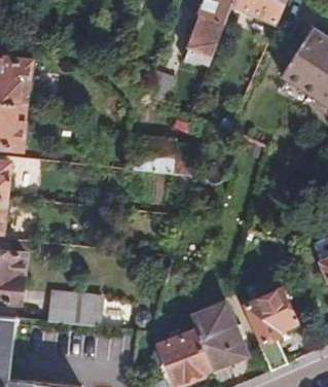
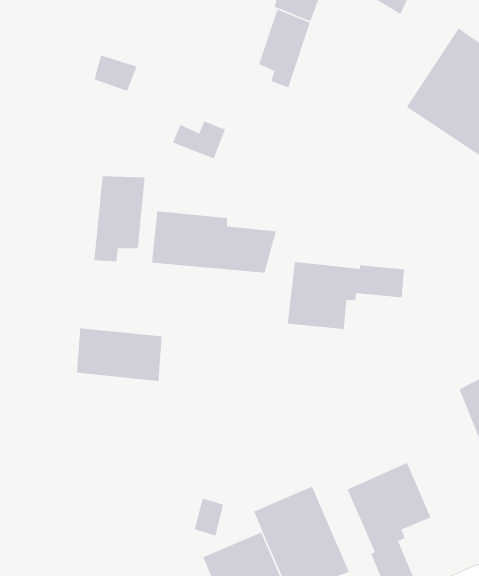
building: none -> [94,175,145,262]
building: none -> [287,261,405,330]
building: [49,293,102,326] -> [76,327,163,382]

